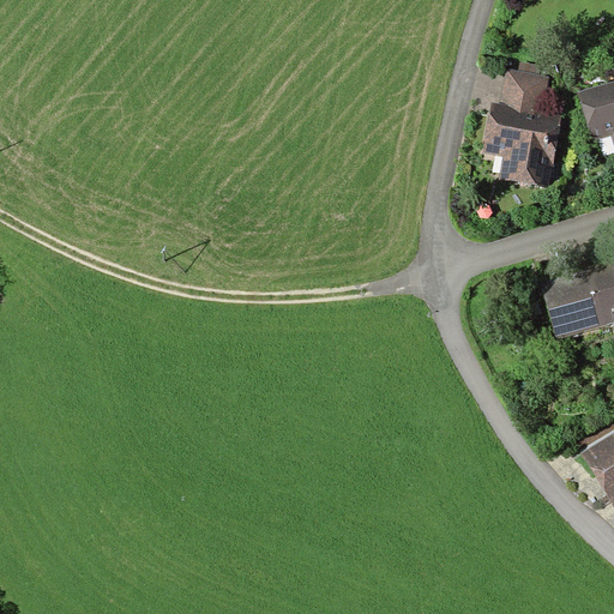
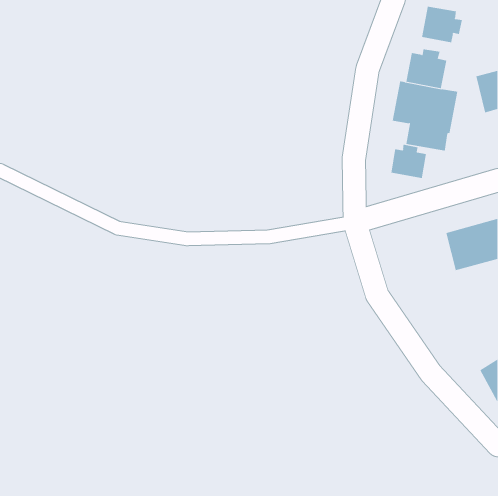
building: none -> [422,6,463,43]
building: none -> [391,144,426,179]

